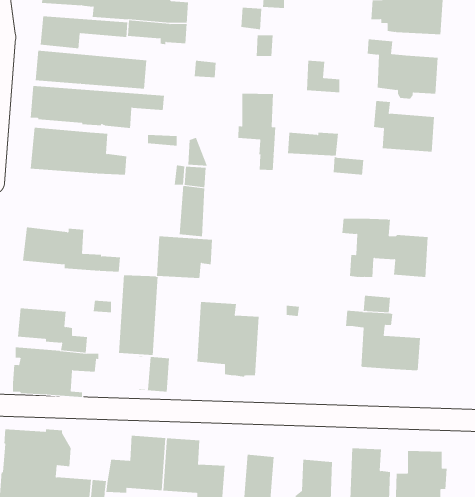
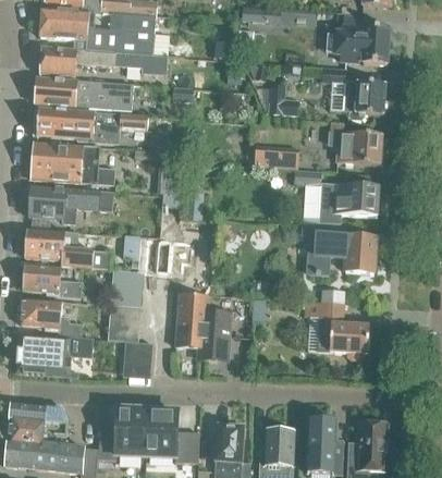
building: [238,93,276,171] -> none
building: none -> [316,182,378,222]
building: none -> [29,186,124,219]
building: none -> [24,265,82,297]

